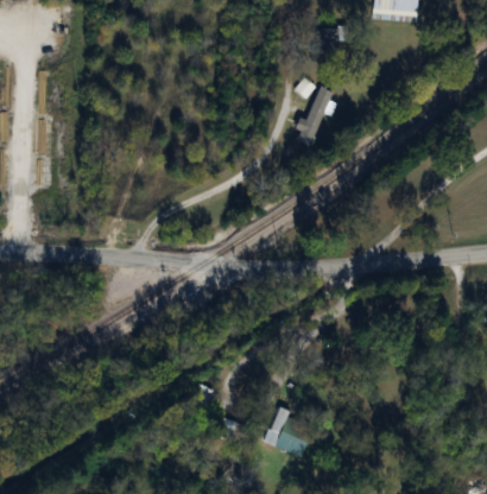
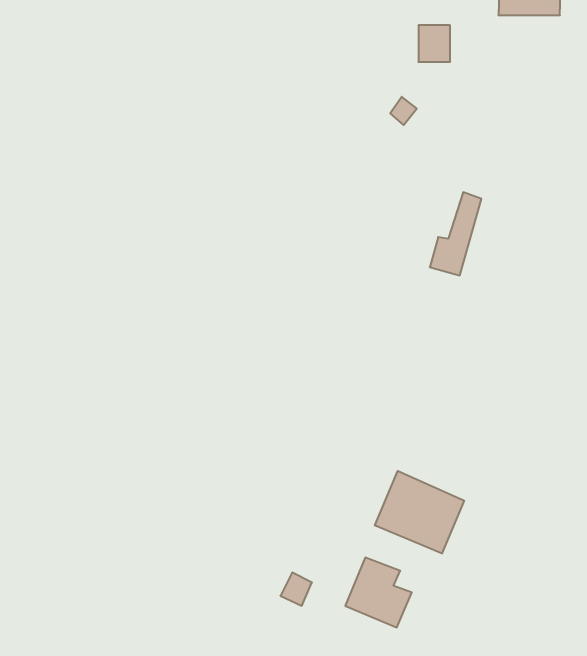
building: [295,86,331,145] -> [430,192,481,275]
building: none -> [375,471,464,554]

